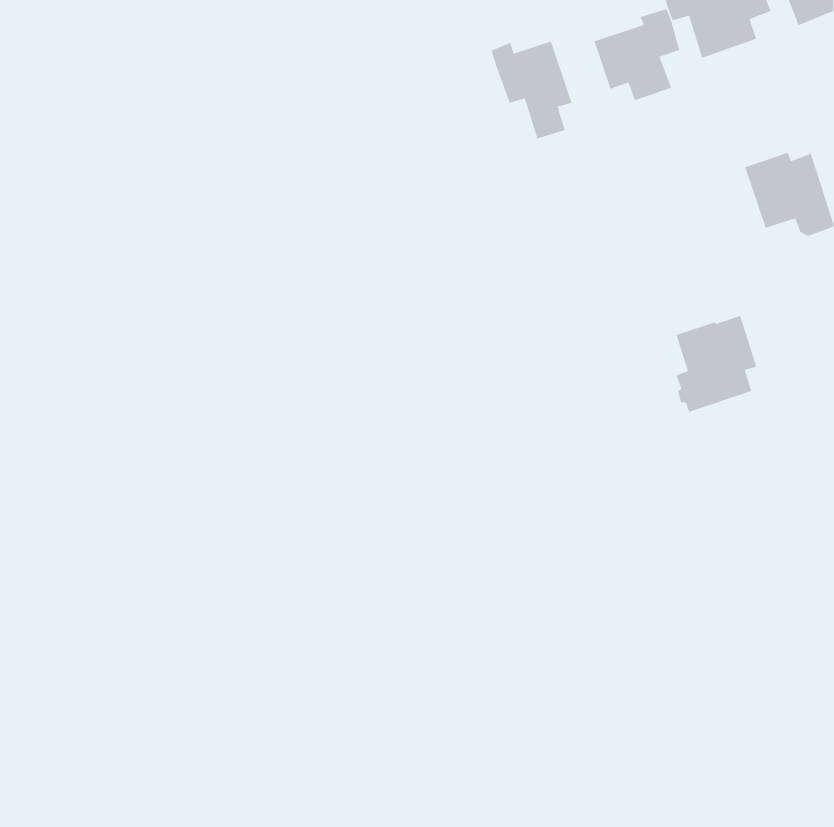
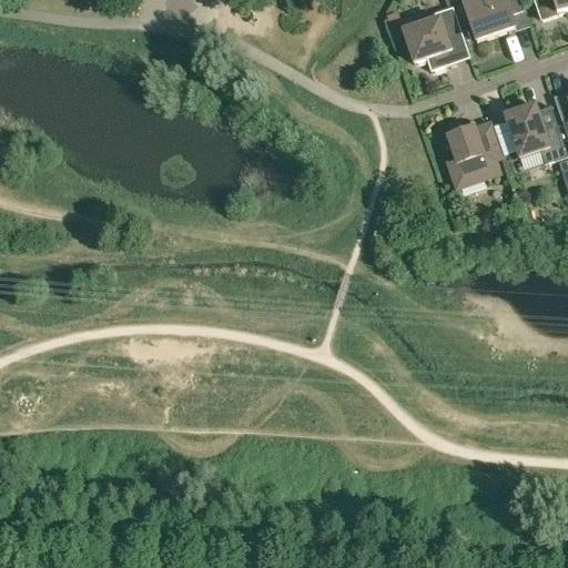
building: [490,40,572,139] -> none
building: [675,315,757,413] -> [447,120,503,186]

